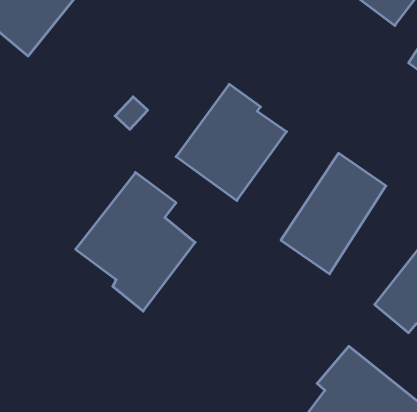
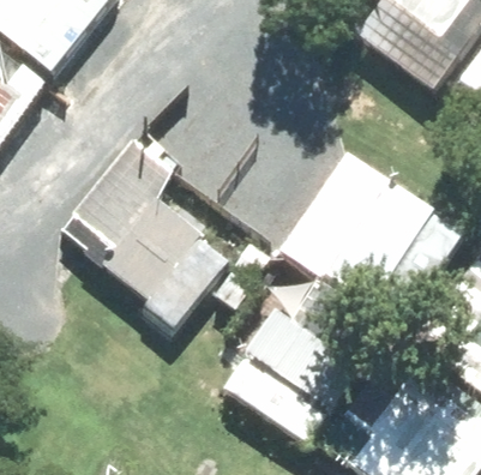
building: none -> [223,311,359,445]

